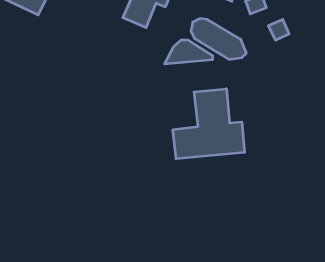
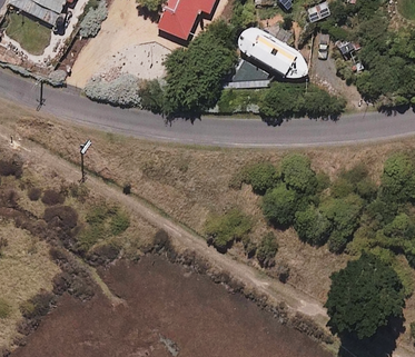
building: [173,89,245,159] -> none

